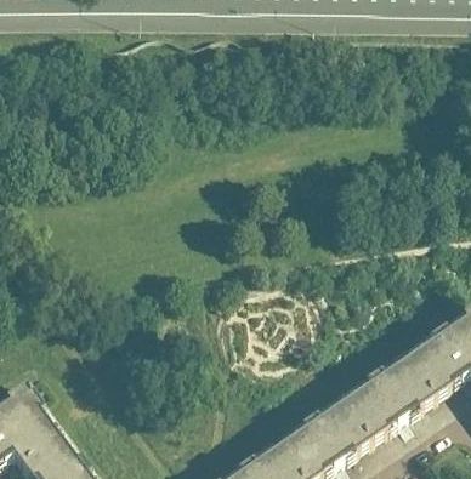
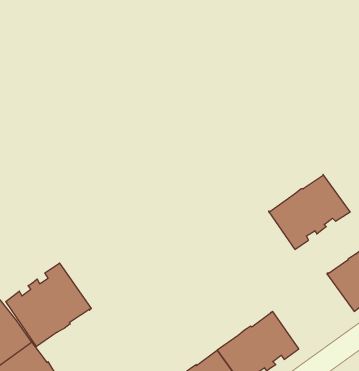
building: none -> [6,263,91,347]
building: [340,355,435,443] -> [269,174,350,249]

